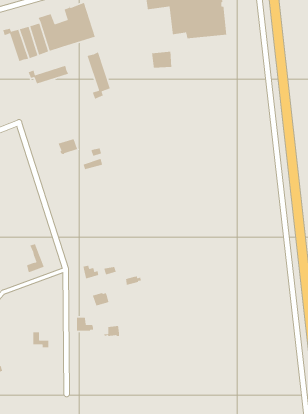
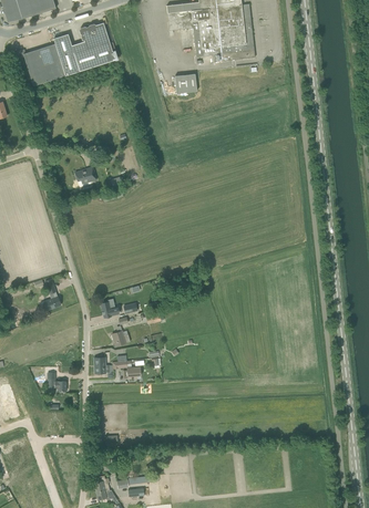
building: [87,51,111,100] -> none
building: [27,65,69,84] -> none

